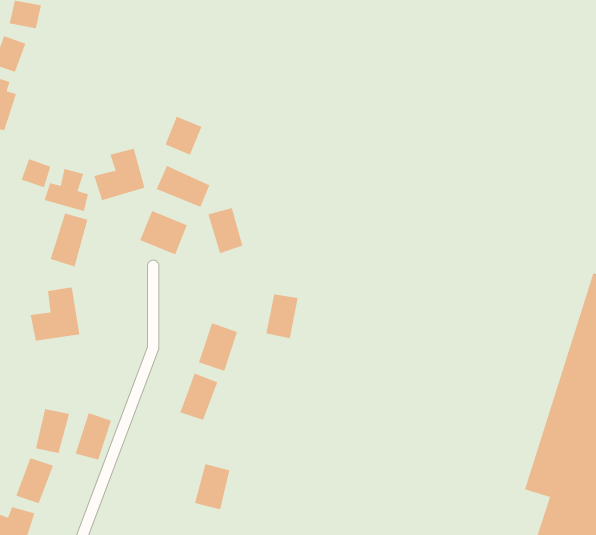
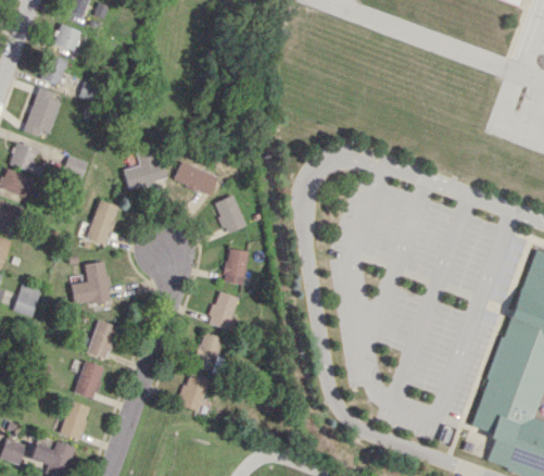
building: [165,116,202,156] -> none
building: [44,168,88,212] -> none
building: [140,210,187,255] -> none
building: [265,294,299,339] -> [224,248,251,285]
building: [75,413,112,460] -> [87,320,117,359]
building: [194,463,230,510] -> [179,373,208,411]

